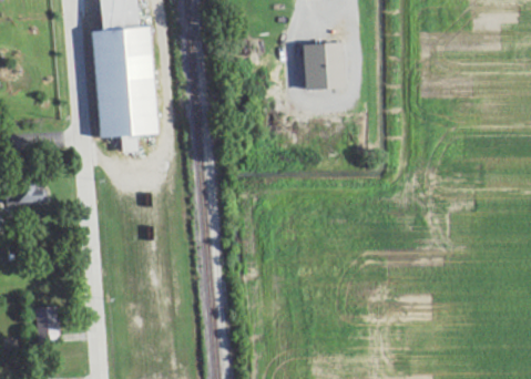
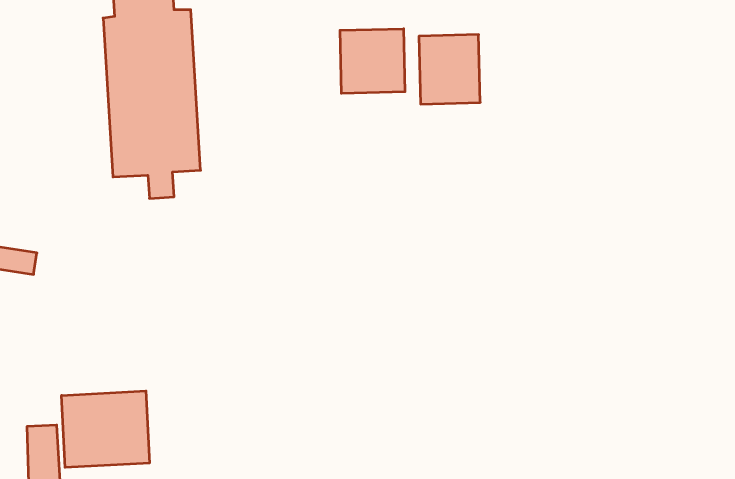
building: none -> [340,29,405,93]
building: none -> [62,391,149,467]

